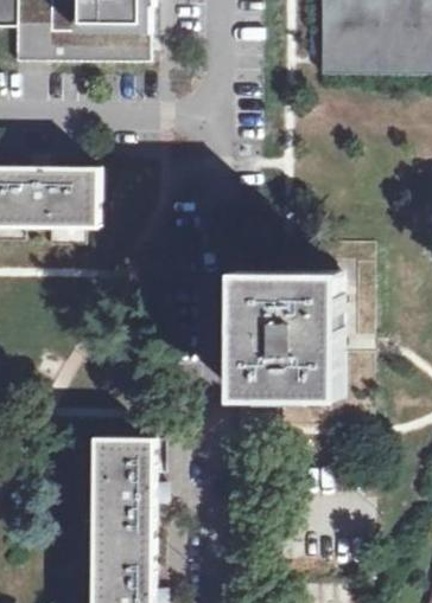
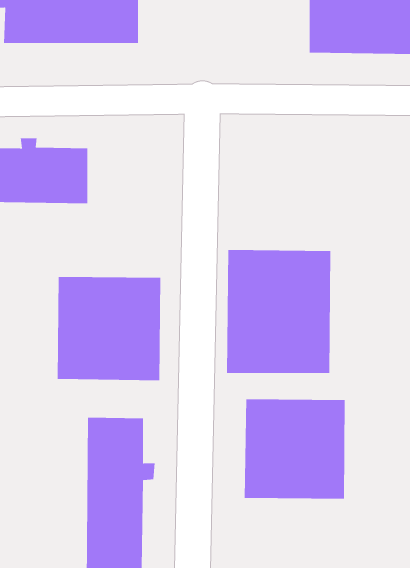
building: none -> [57,276,161,381]
building: none -> [244,399,345,500]

